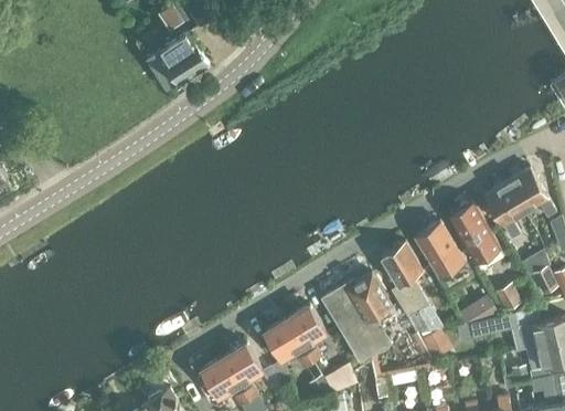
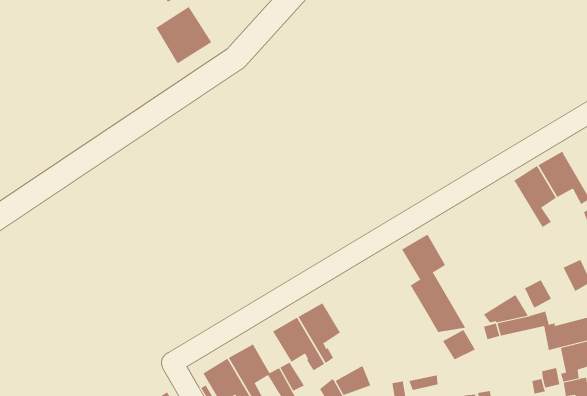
building: [449,202,504,268] -> none
building: [416,222,466,278] -> none
building: [322,274,392,361] -> none

